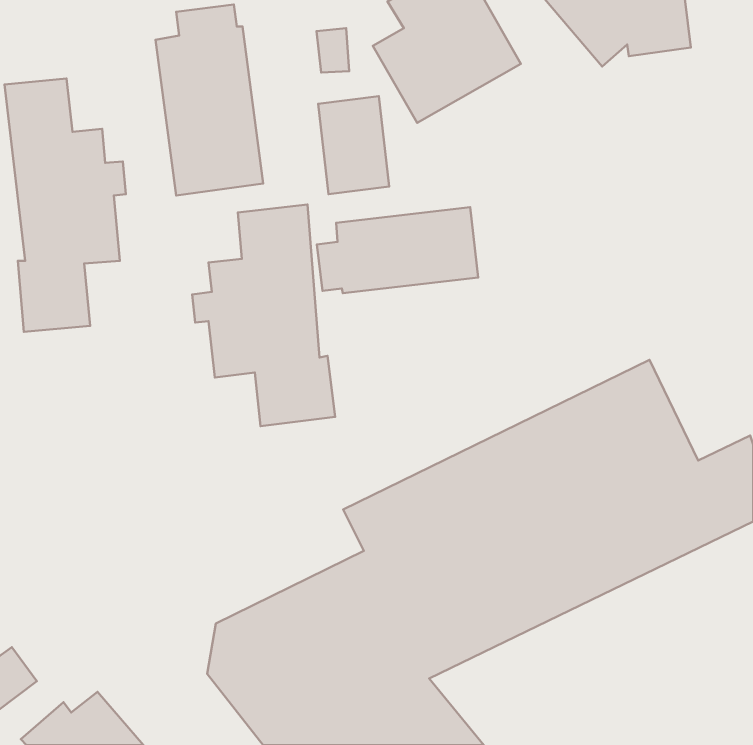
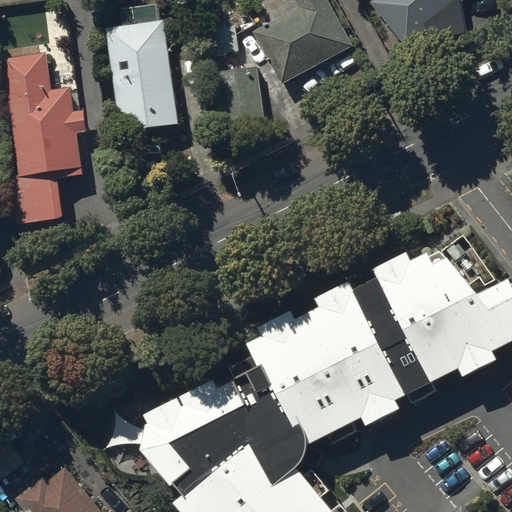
building: [192,204,335,426] -> none
building: [317,207,478,293] -> none

